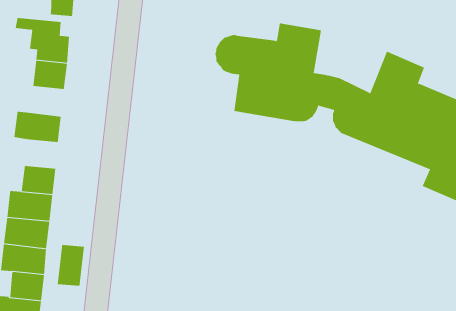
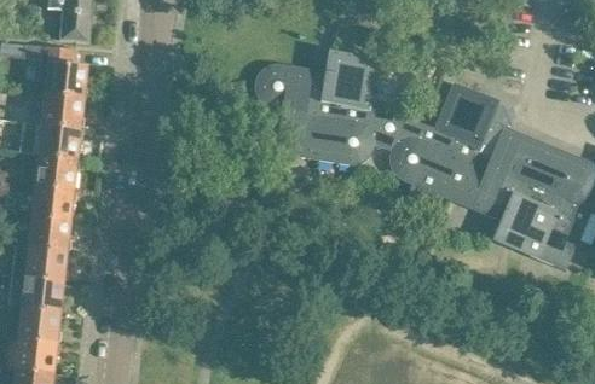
building: none -> [19,120,80,157]
building: none -> [33,184,73,217]
building: [57,244,84,287] -> none

